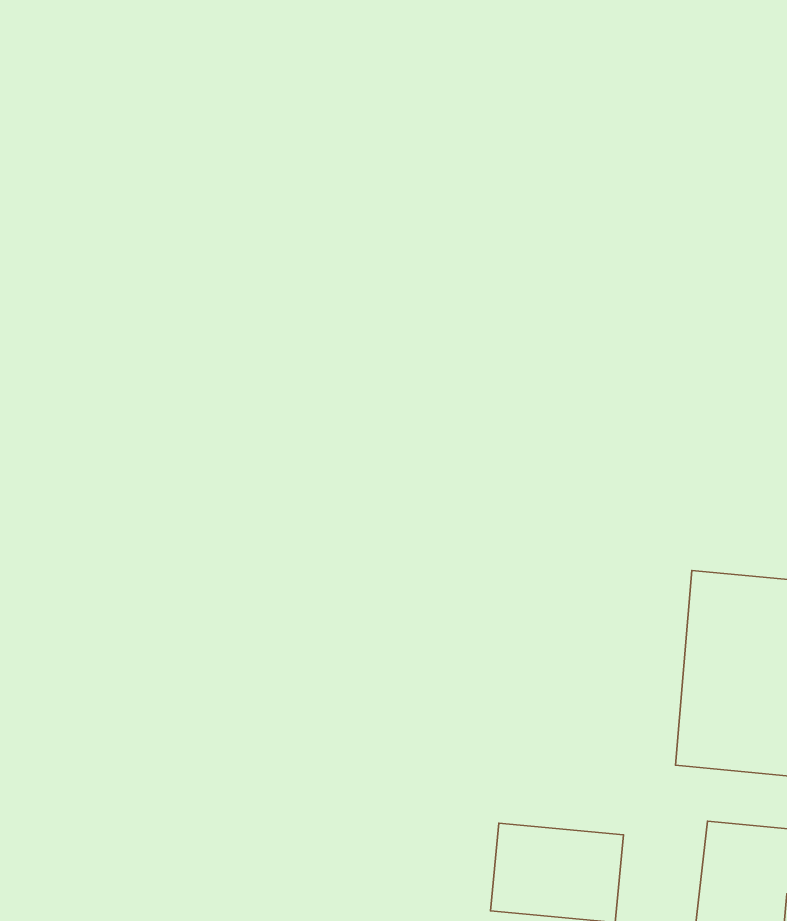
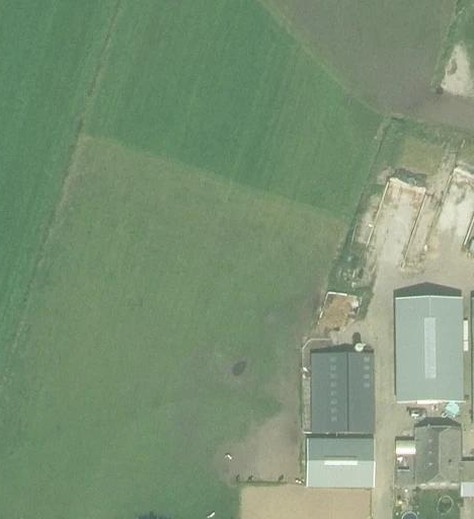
building: none -> [312,353,374,432]

